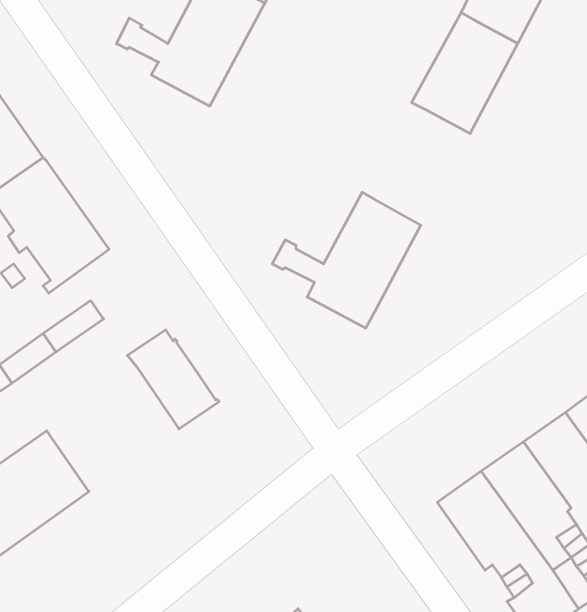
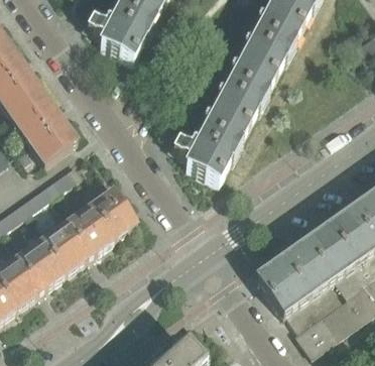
building: none -> [216,56,275,124]
building: none -> [42,202,115,270]

